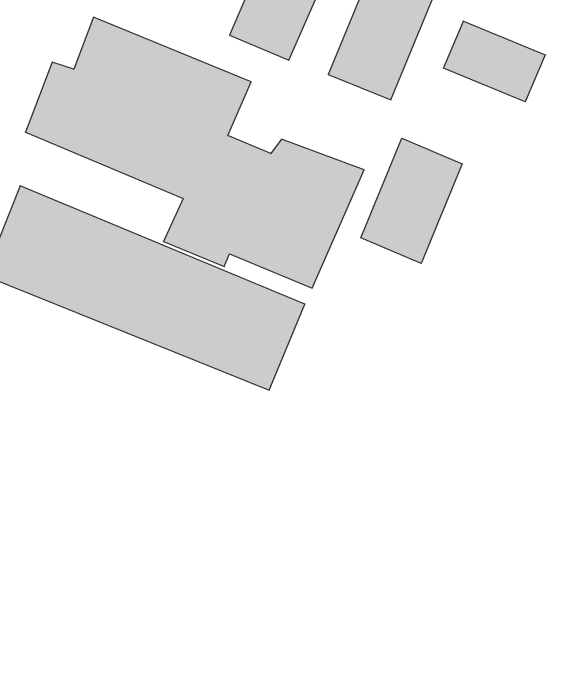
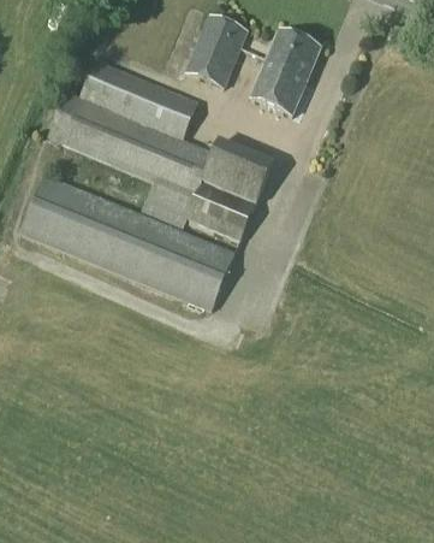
building: [444,21,545,102] -> none
building: [361,138,462,263] -> none

